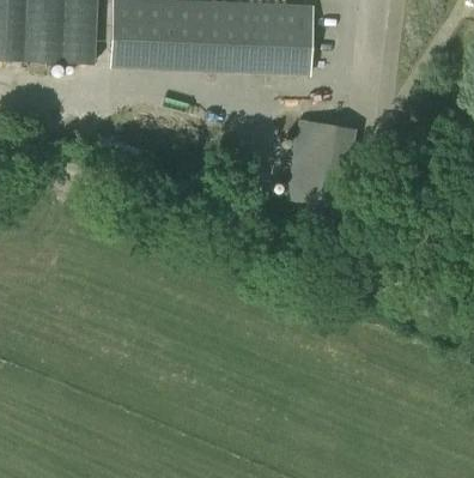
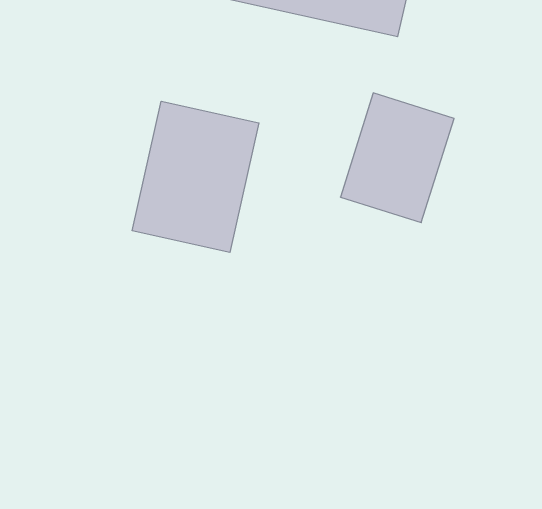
building: none -> [132,101,259,252]

